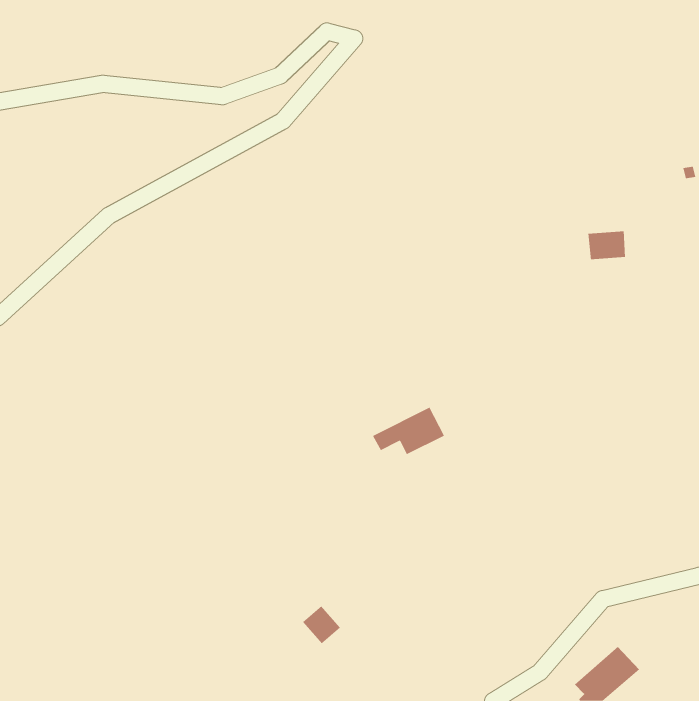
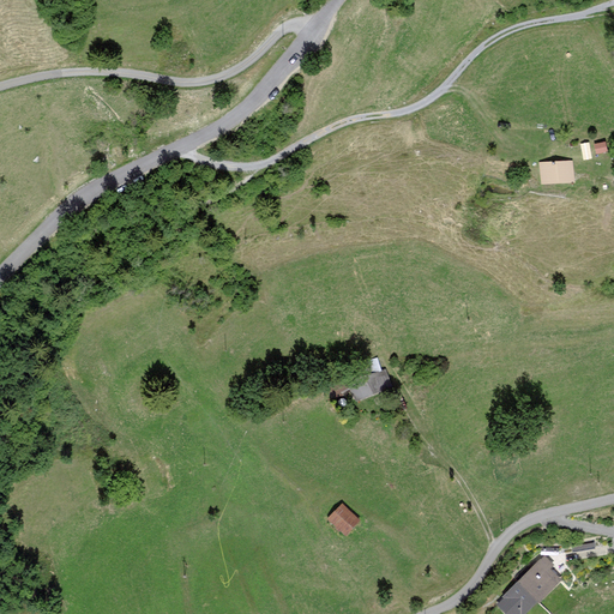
building: [588,231,626,260] -> [541,163,574,188]
building: [302,606,341,644] -> [325,498,359,531]

